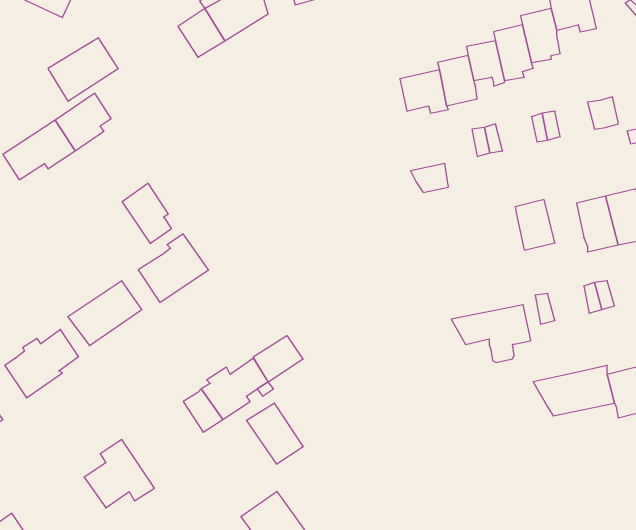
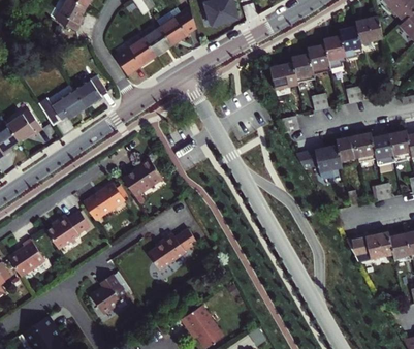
building: [48,38,118,101] -> [115,37,155,73]
building: [122,183,171,244] -> none
building: none -> [353,133,376,161]
building: [451,305,531,362] -> [296,146,342,179]
building: [253,336,303,382] -> none
building: [246,403,303,464] -> none

